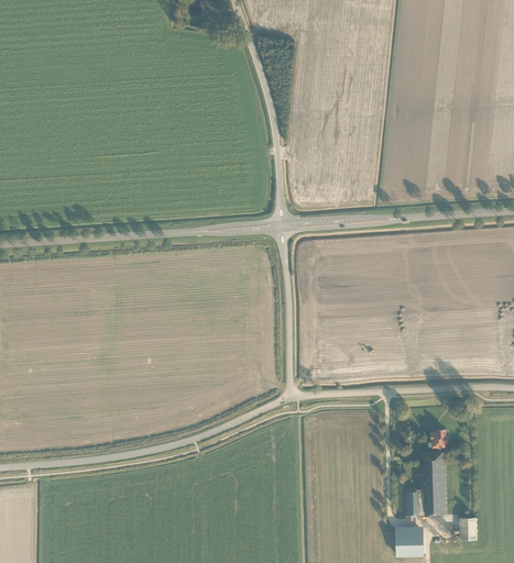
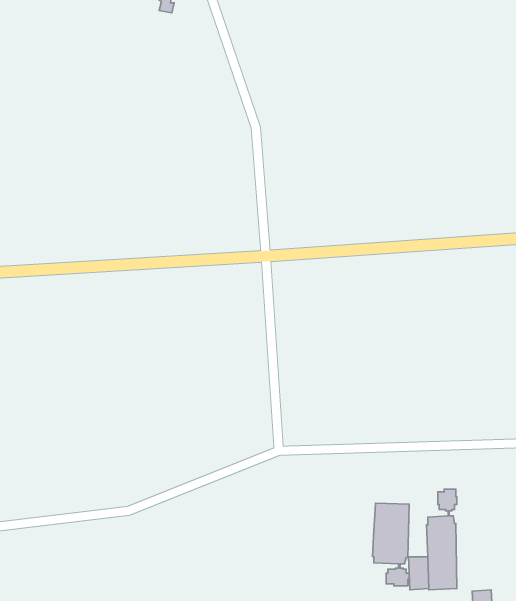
building: none -> [372,503,409,586]

